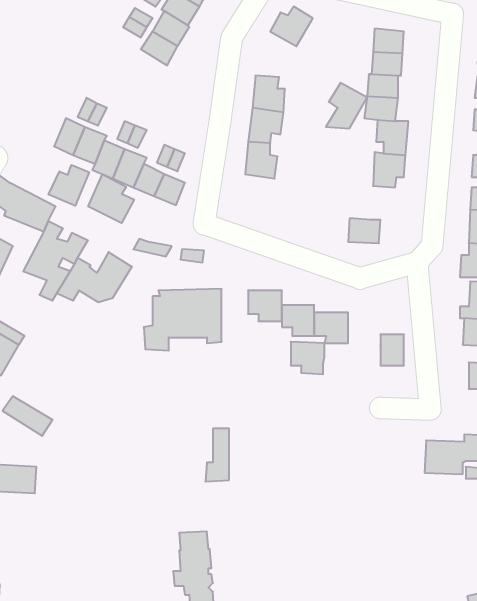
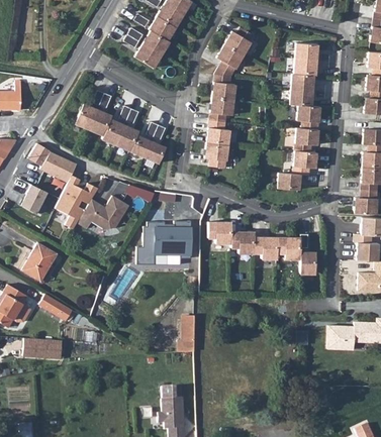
building: [326,83,367,128] -> [214,44,243,76]
building: [49,165,89,206] -> none
building: [88,174,134,223] -> none
building: none -> [205,142,227,168]
building: none -> [293,150,316,175]
building: [291,342,325,374] -> [278,237,301,259]

